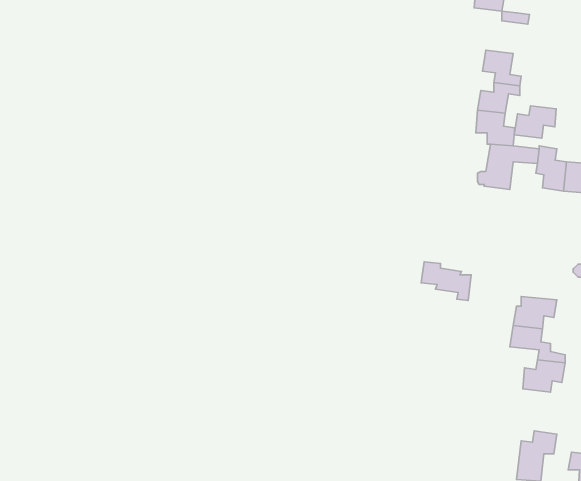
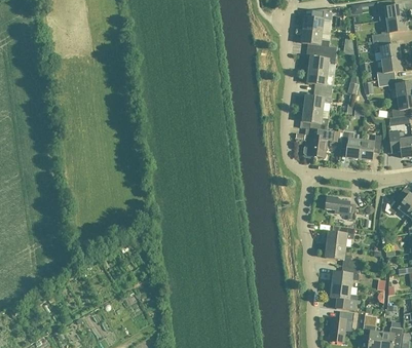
building: [514,106,556,138] -> [309,50,336,71]
building: [421,262,471,301] -> [325,195,357,220]
building: none -> [329,283,357,309]

